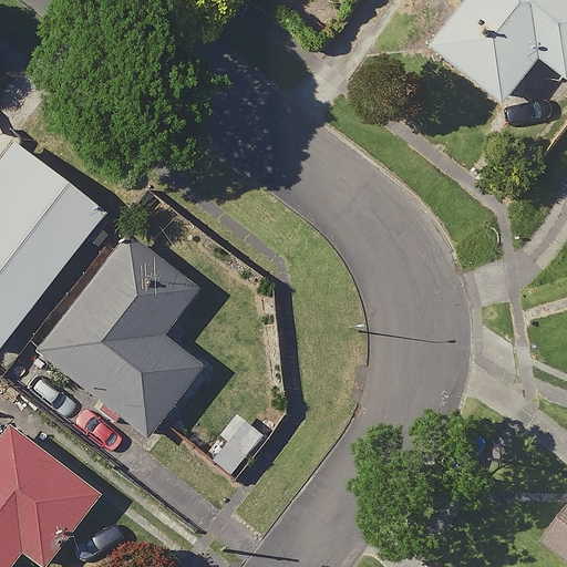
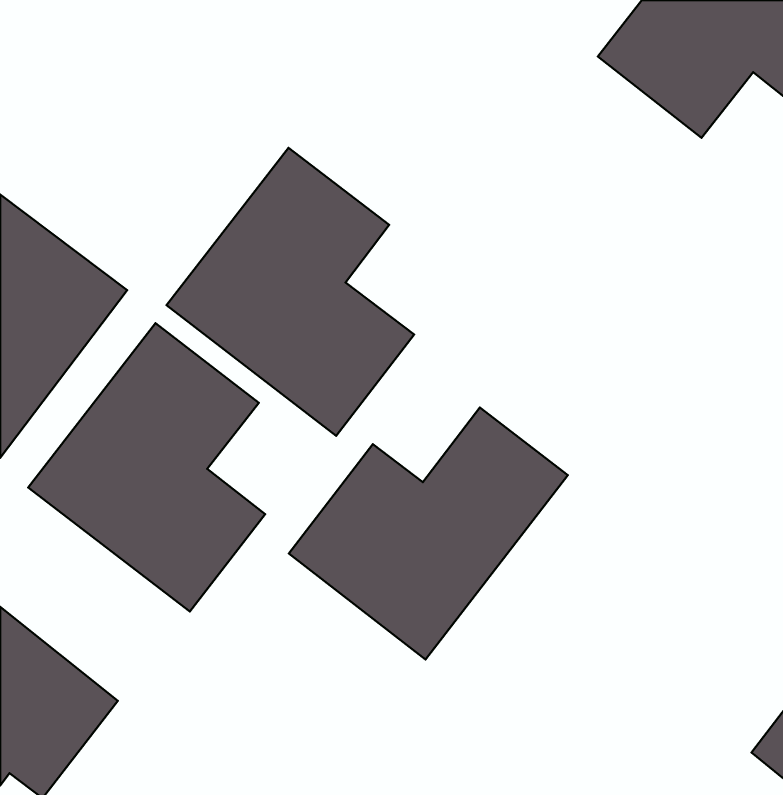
building: none -> [166,148,414,436]
building: none -> [289,407,568,660]

